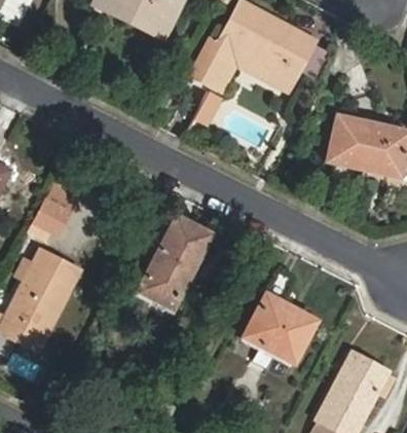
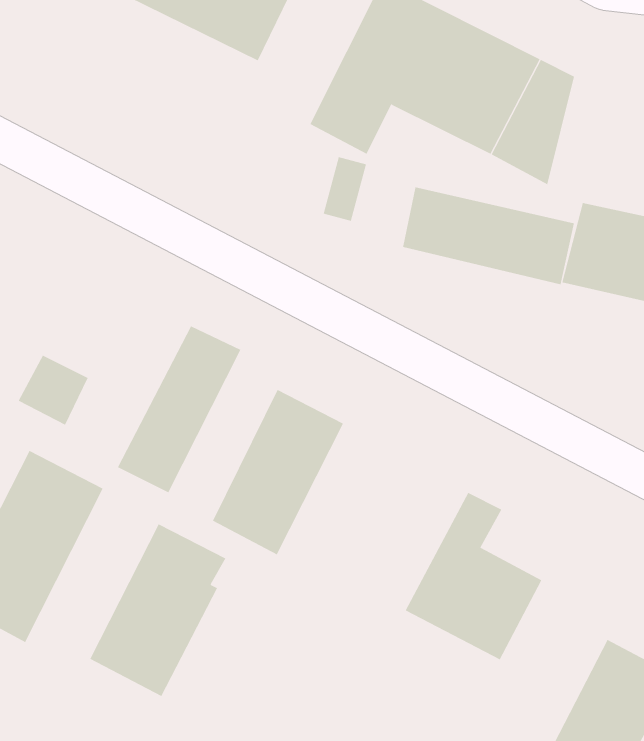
building: none -> [403,186,574,285]
building: none -> [117,325,241,493]
building: none -> [90,523,226,697]

